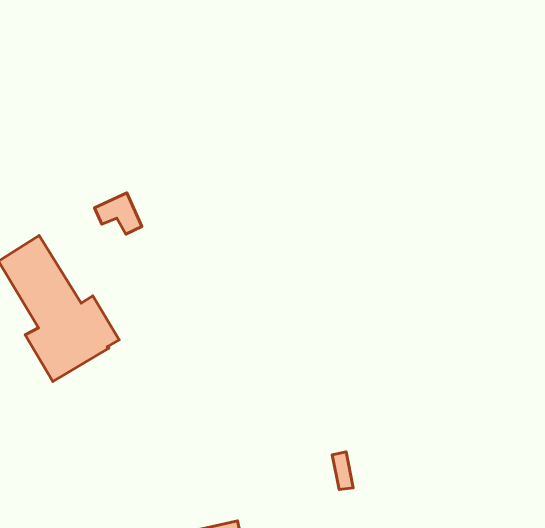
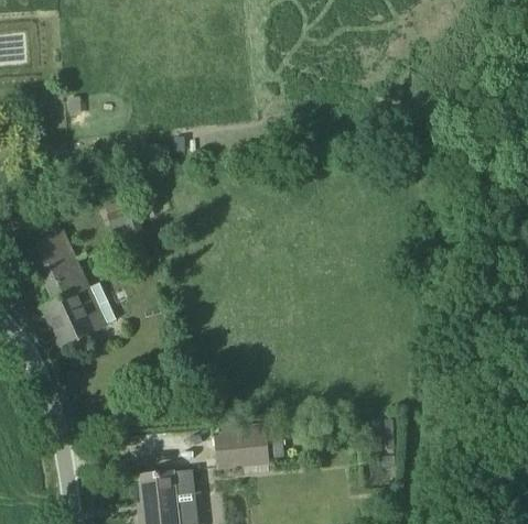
building: none -> [215,432,269,467]

